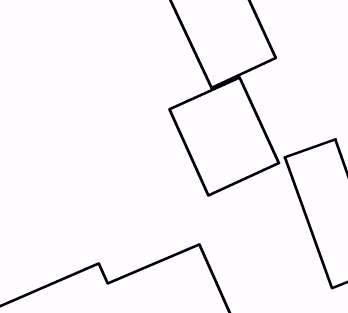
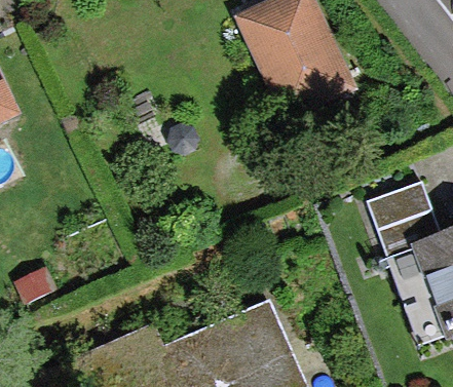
building: [170,78,279,195] -> none

